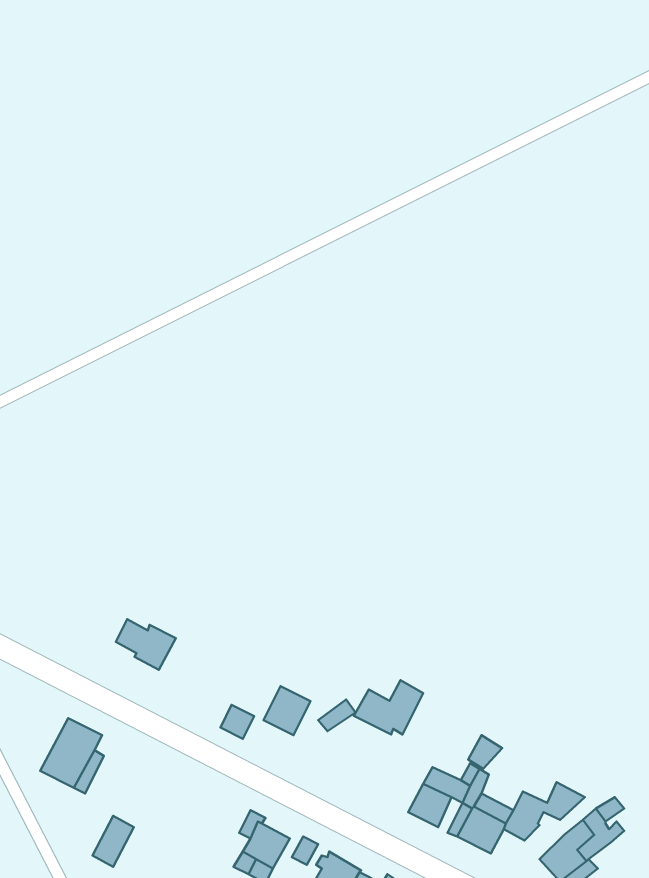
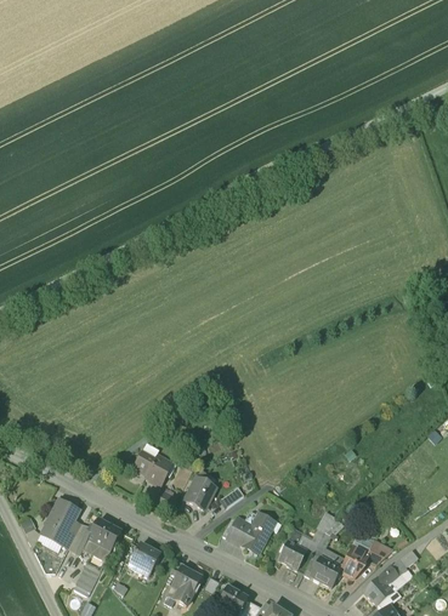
building: [116,619,176,670] -> [132,452,171,485]
building: [354,680,423,735] -> [227,514,272,549]
building: none -> [83,519,120,551]
building: none -> [126,542,159,572]

